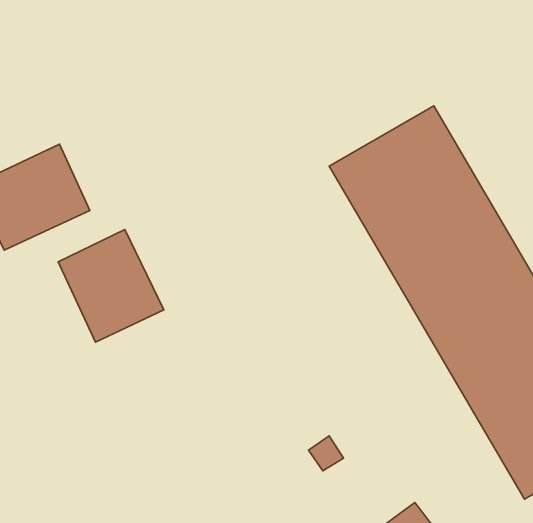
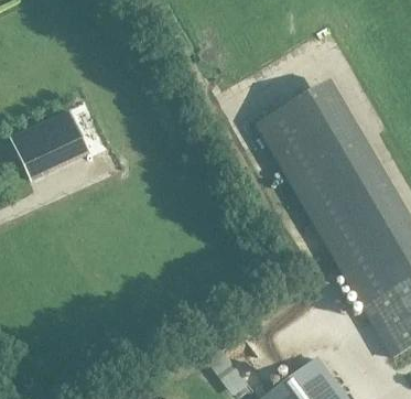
building: [58,229,164,342] -> none

